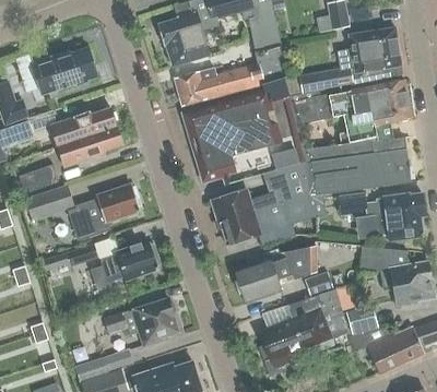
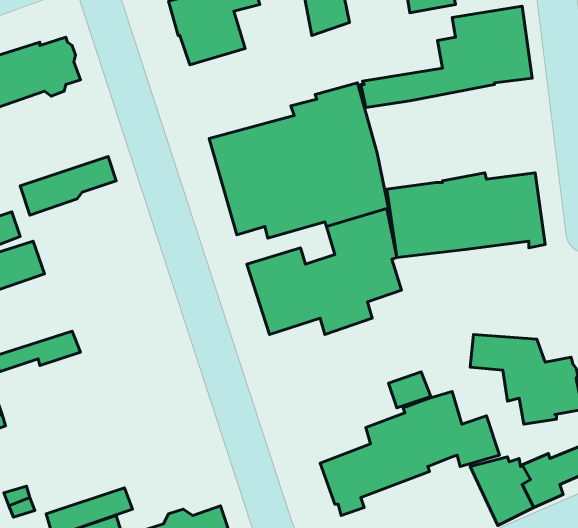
building: [173,38,285,106] -> none
building: [288,80,411,144] -> none
building: [49,108,116,147] -> none
building: [68,183,140,240] -> none
building: [336,192,423,243] -> none
building: [101,242,160,281] -> none
building: [233,247,315,305] -> none
building: [103,297,178,346] -> none

